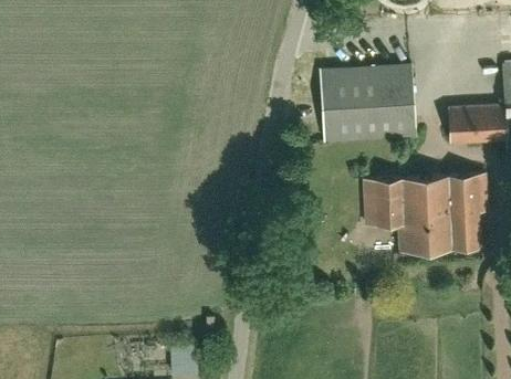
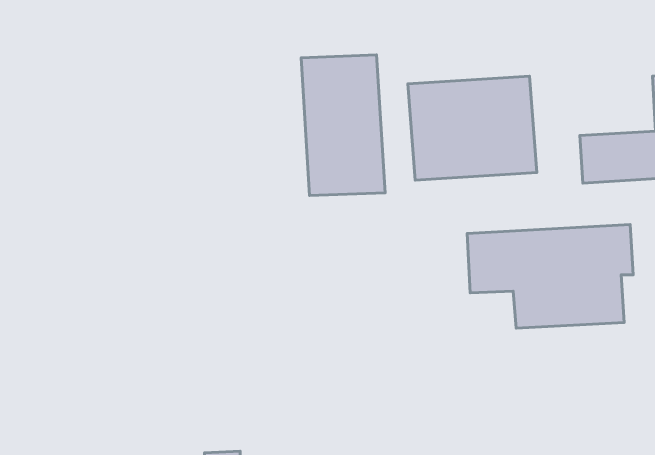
building: none -> [301,55,385,196]

